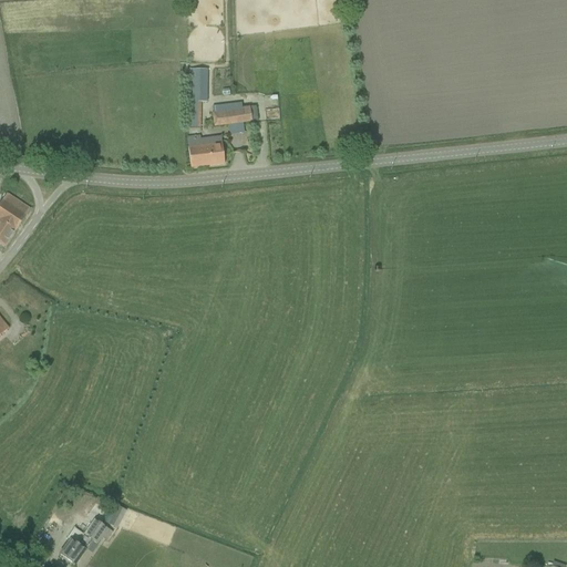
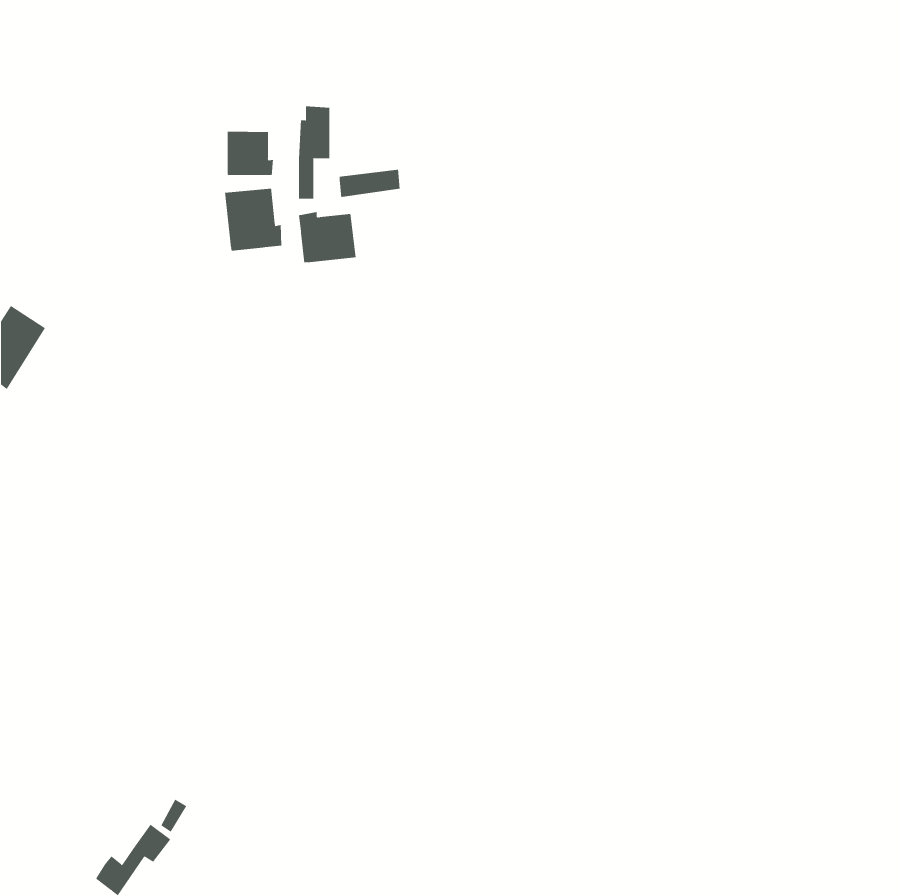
building: none -> [227,131,273,176]
building: none -> [225,188,282,251]

